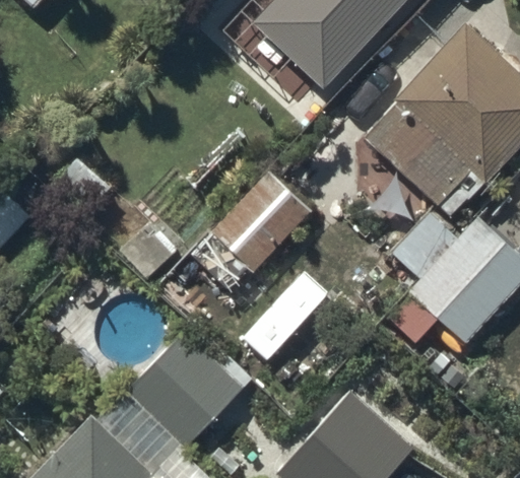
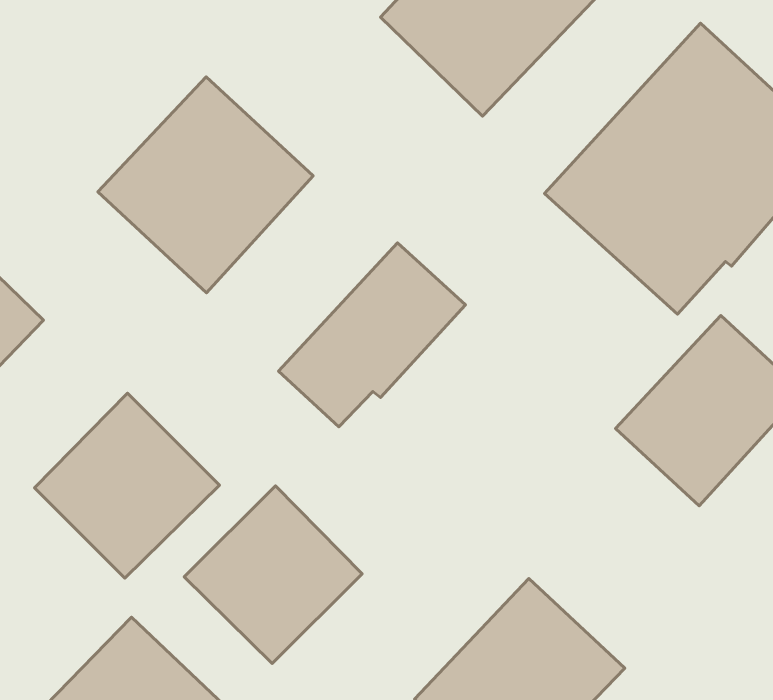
building: none -> [98,77,313,293]
building: none -> [34,393,219,578]

